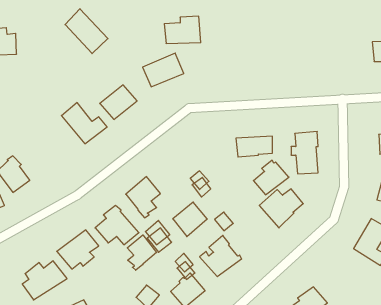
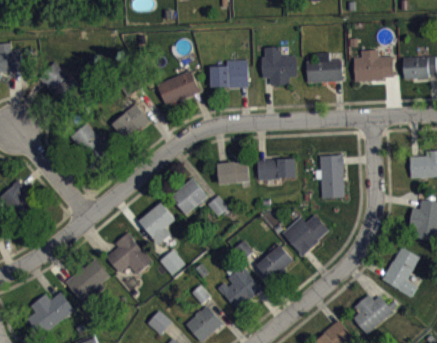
building: [65,9,108,54] -> [38,60,84,108]
building: [164,16,201,43] -> [209,58,248,87]
building: none -> [261,47,297,84]
building: none -> [353,49,394,81]
building: none -> [306,52,343,82]
building: none -> [217,161,249,184]
building: [253,160,289,195] -> [256,242,294,279]
building: [173,202,207,237] -> [170,177,207,214]
building: [127,235,157,270] -> none
building: none -> [352,294,398,333]

